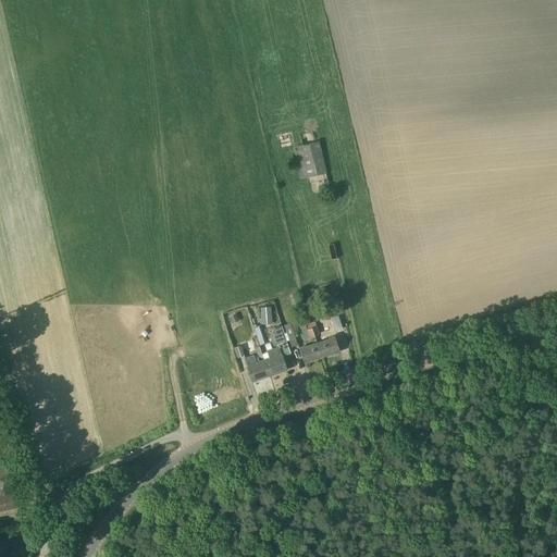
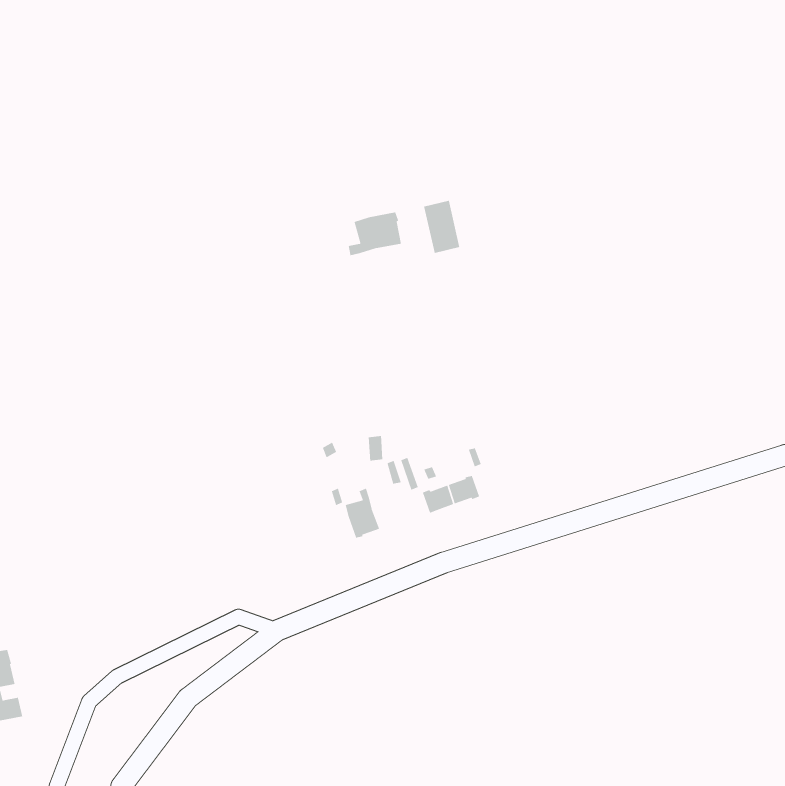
building: none -> [348,211,402,256]
building: [252,325,286,374] -> none

